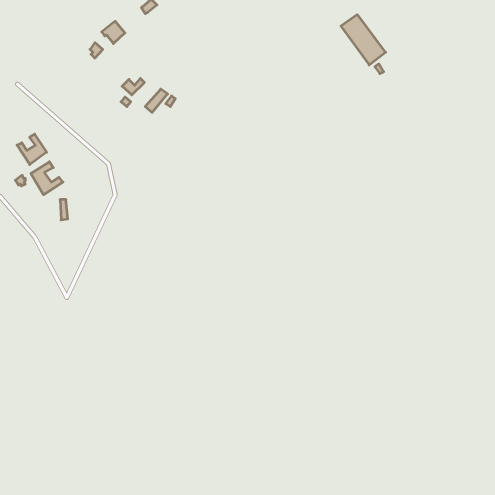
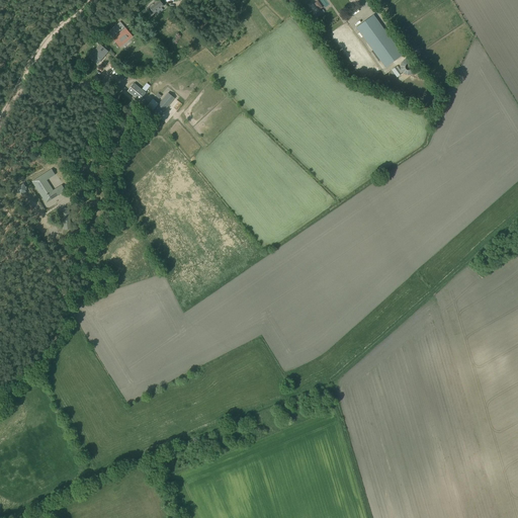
building: [17,134,47,165] -> none

